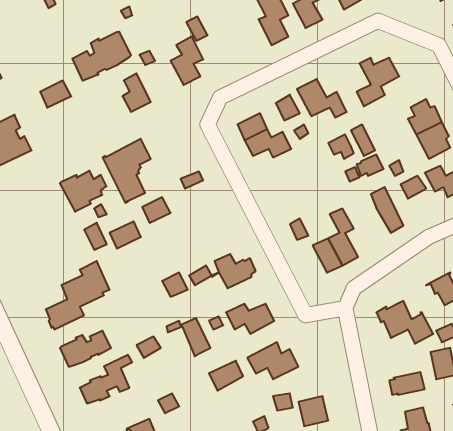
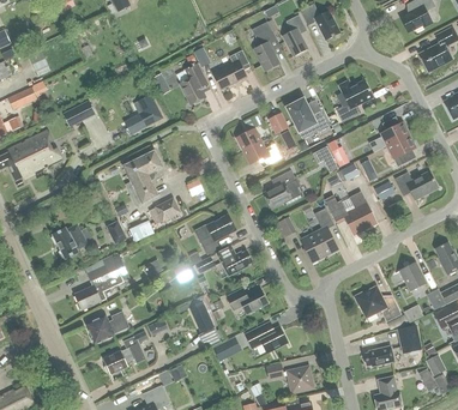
building: none -> [212,49,251,89]
building: [72,32,131,81] -> none
building: none -> [264,169,301,207]
building: [60,171,107,212] -> [52,223,91,258]
building: none -> [325,194,366,234]
building: none -> [200,213,236,253]

